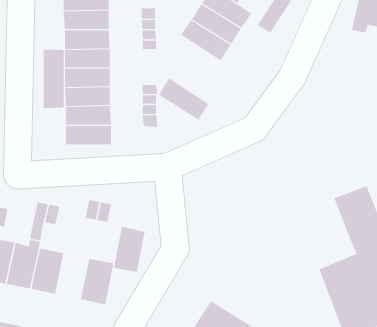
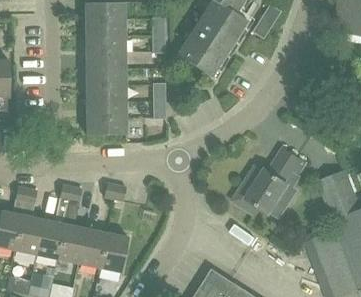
building: [43,49,64,109] -> none
building: [158,77,209,120] -> [177,40,221,77]
building: none -> [232,149,307,216]
building: [113,226,146,273] -> [79,228,107,268]

